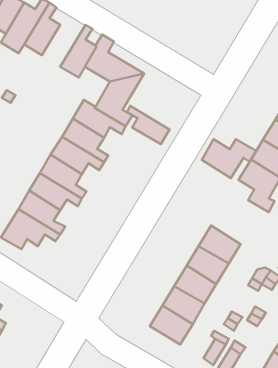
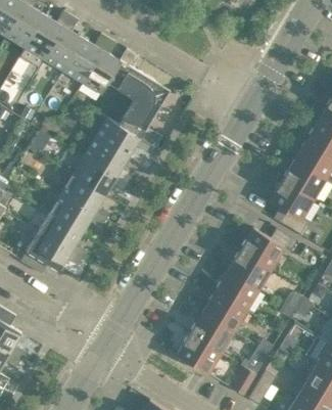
building: none -> [62,34,108,83]
building: [127,106,169,144] -> none
building: [202,139,256,178] -> [240,228,297,269]

